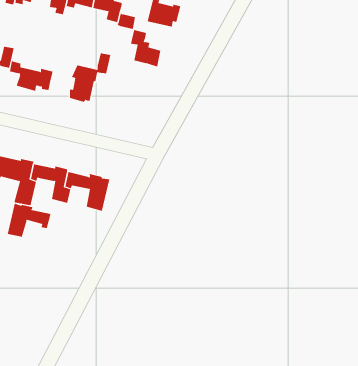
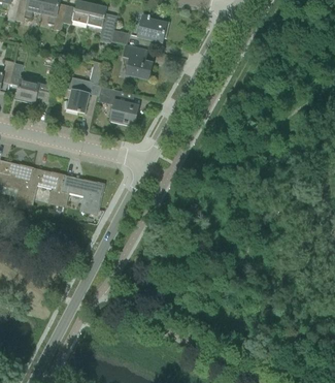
building: none -> [98,86,137,124]
building: [7,203,51,238] -> none

